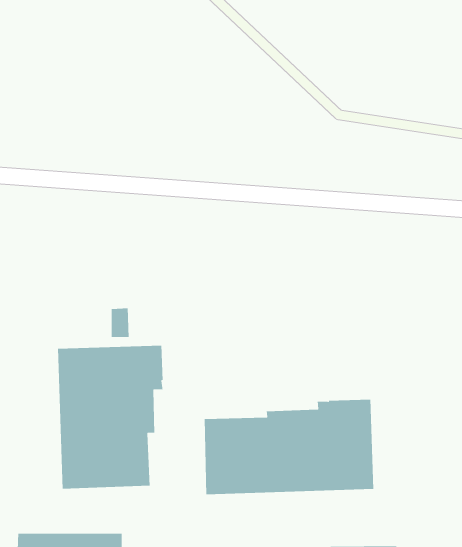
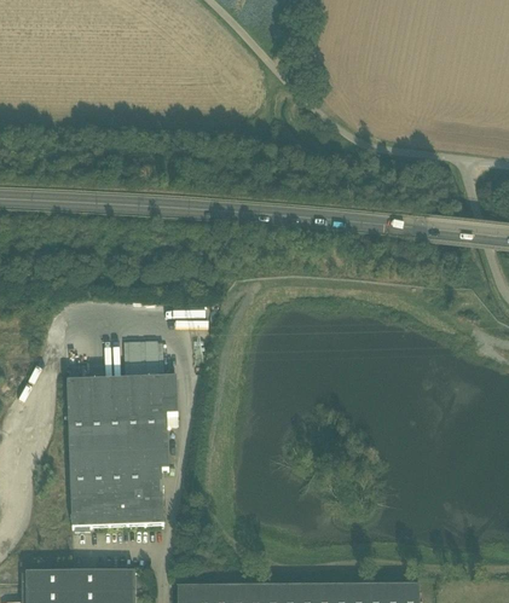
building: [204,399,374,495] -> none

